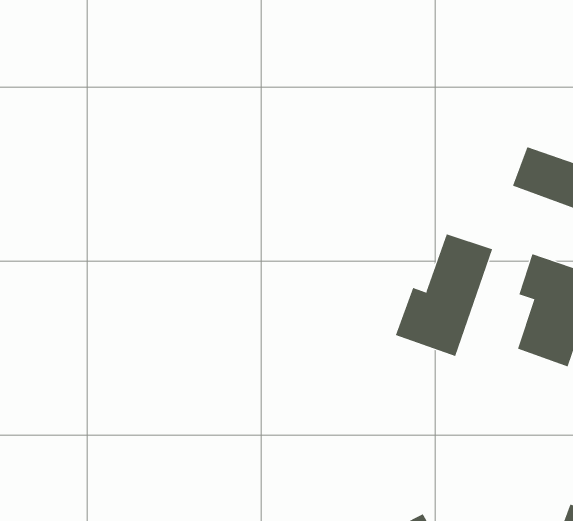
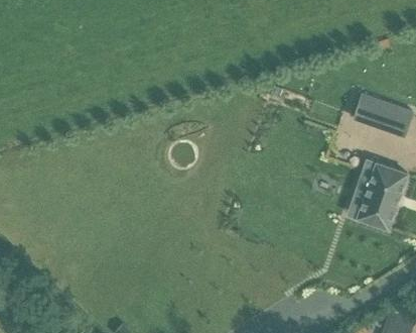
building: [395,233,493,357] -> none

